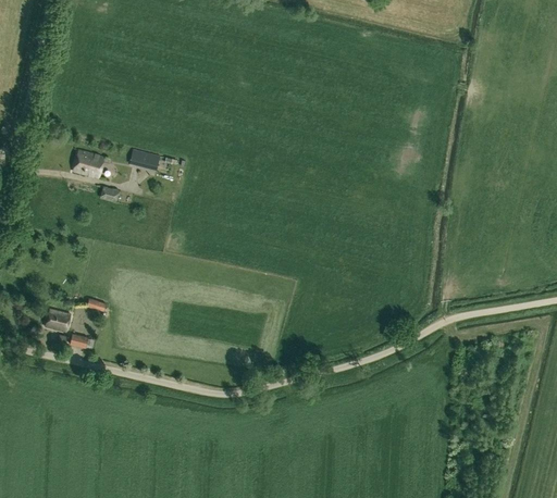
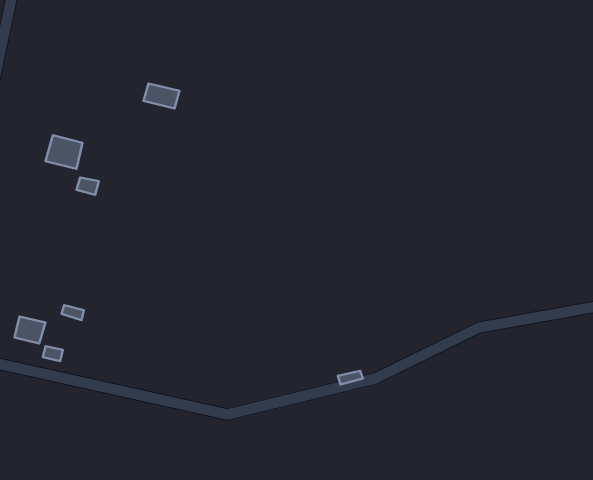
building: [128,148,160,170] -> [143,84,179,108]

